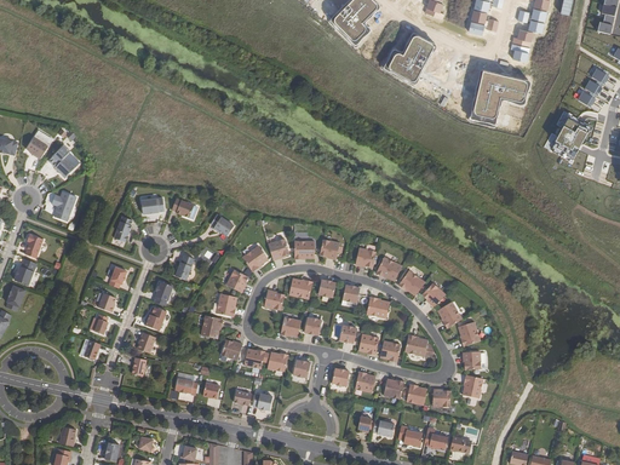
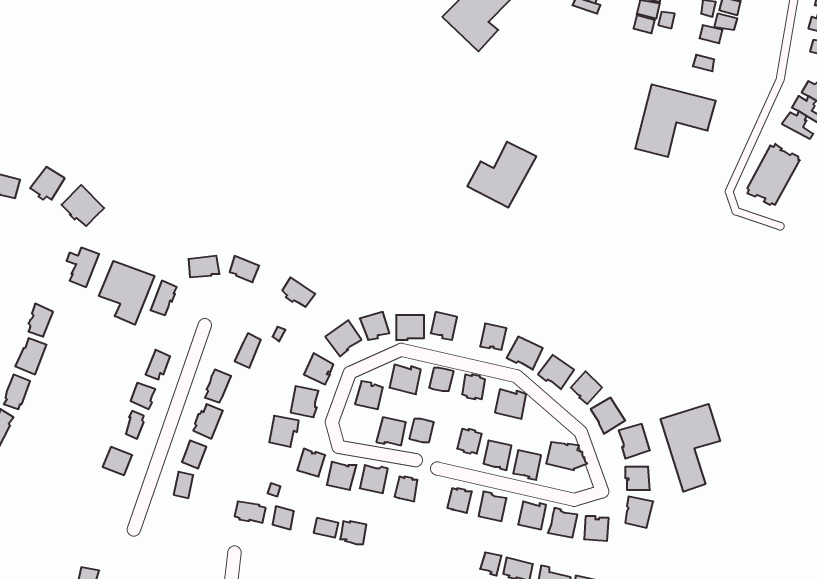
building: [380,35,431,84] -> [467,142,536,208]
building: none -> [99,261,155,325]
building: none -> [661,404,720,492]

